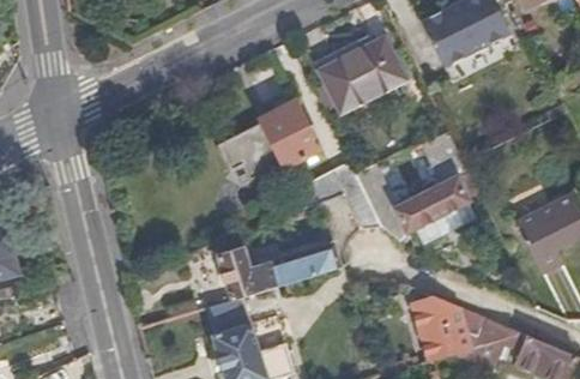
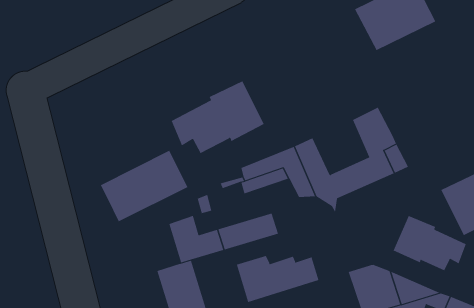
building: [322,37,405,109] -> none
building: none -> [100,150,188,222]
building: none -> [393,215,467,271]
building: none -> [236,255,319,303]

